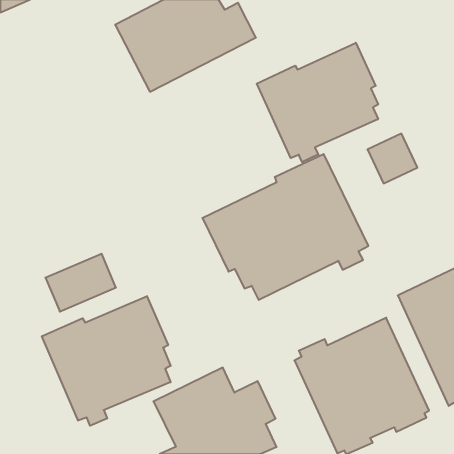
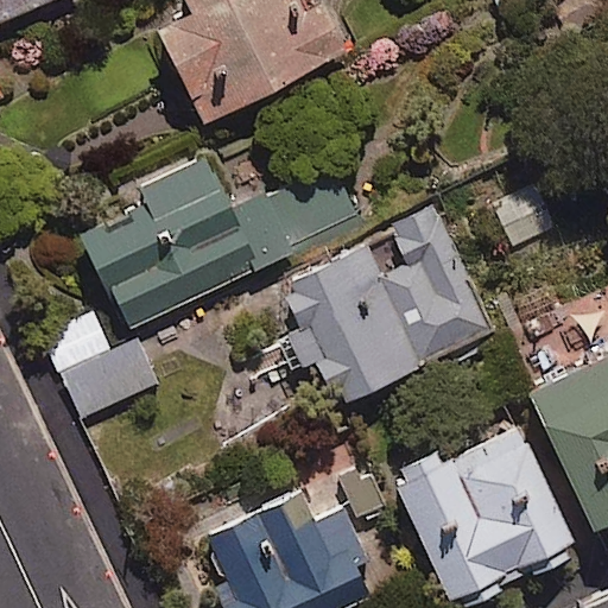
building: [257,43,378,162] -> none
building: none -> [78,157,363,329]
building: [42,296,171,426] -> none

